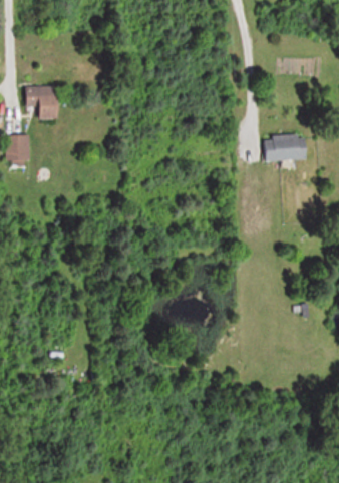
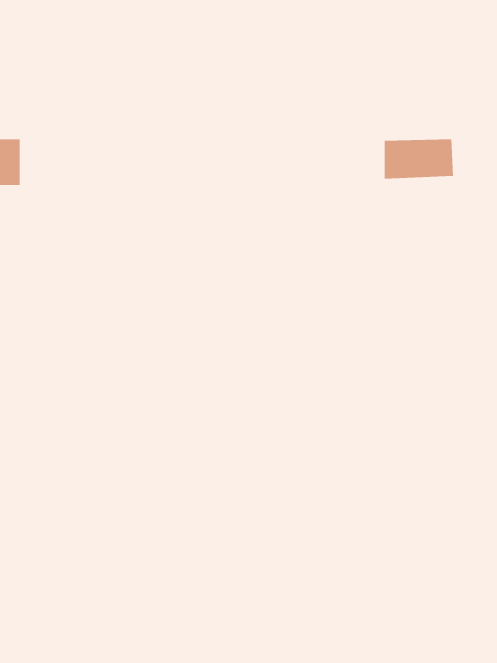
building: [26,86,59,119] -> none

